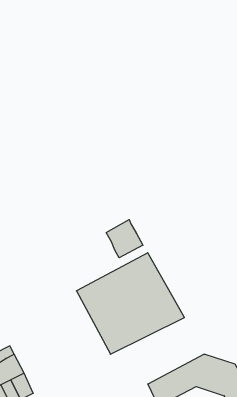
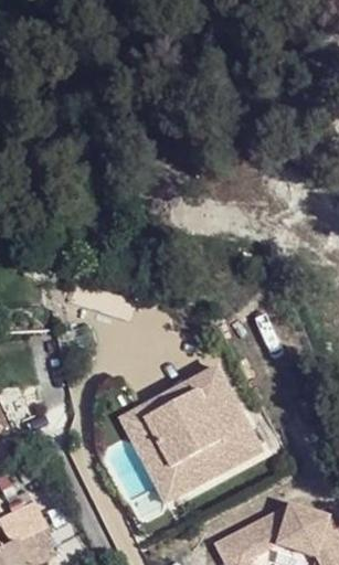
building: [106,220,143,258] -> none

